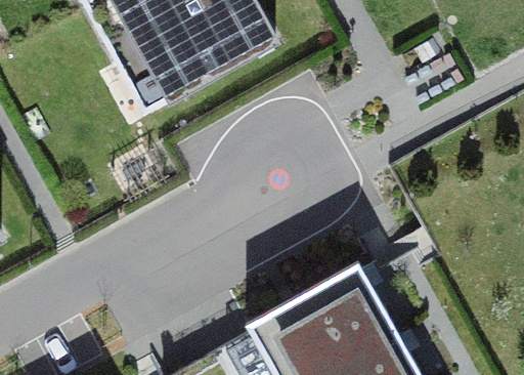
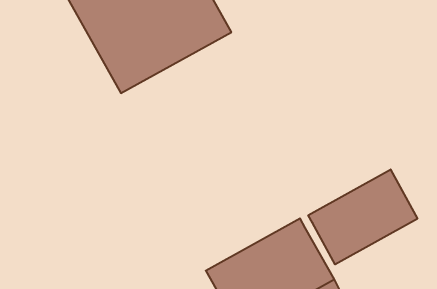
building: none -> [308,169,417,264]

